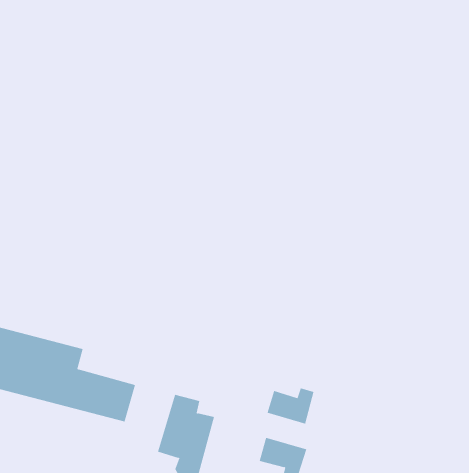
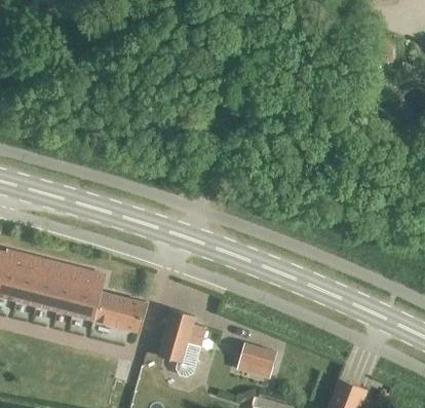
building: [267,387,314,424] -> none

